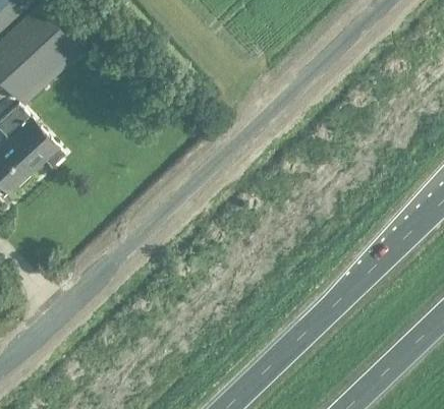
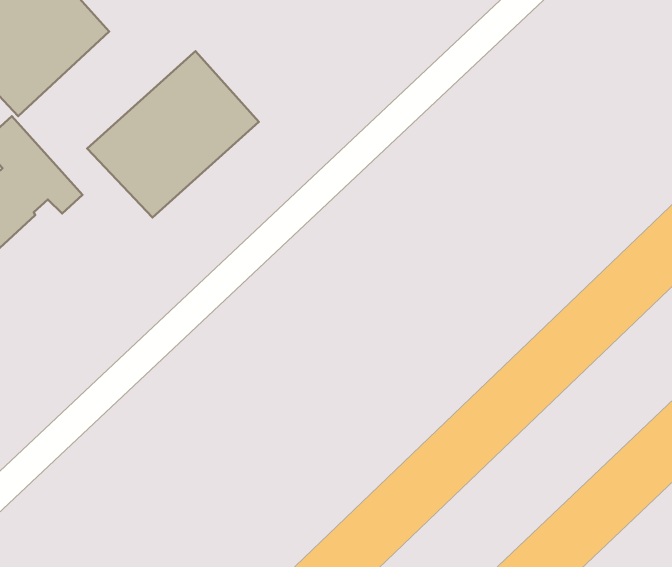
building: none -> [87,51,259,218]

